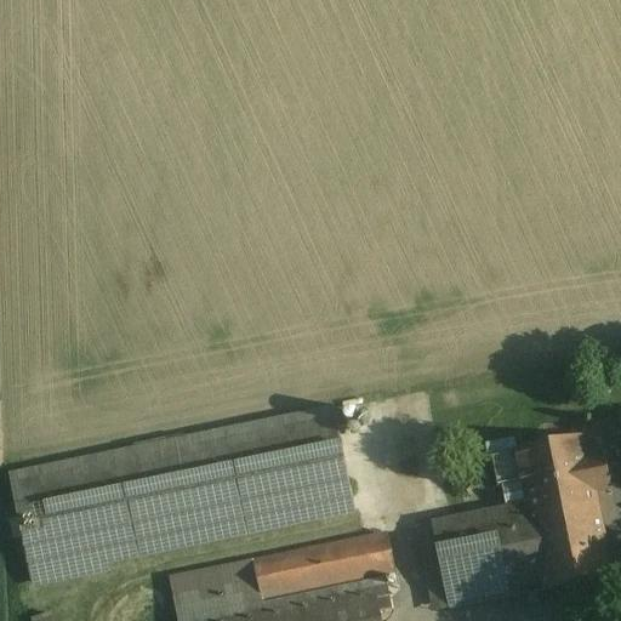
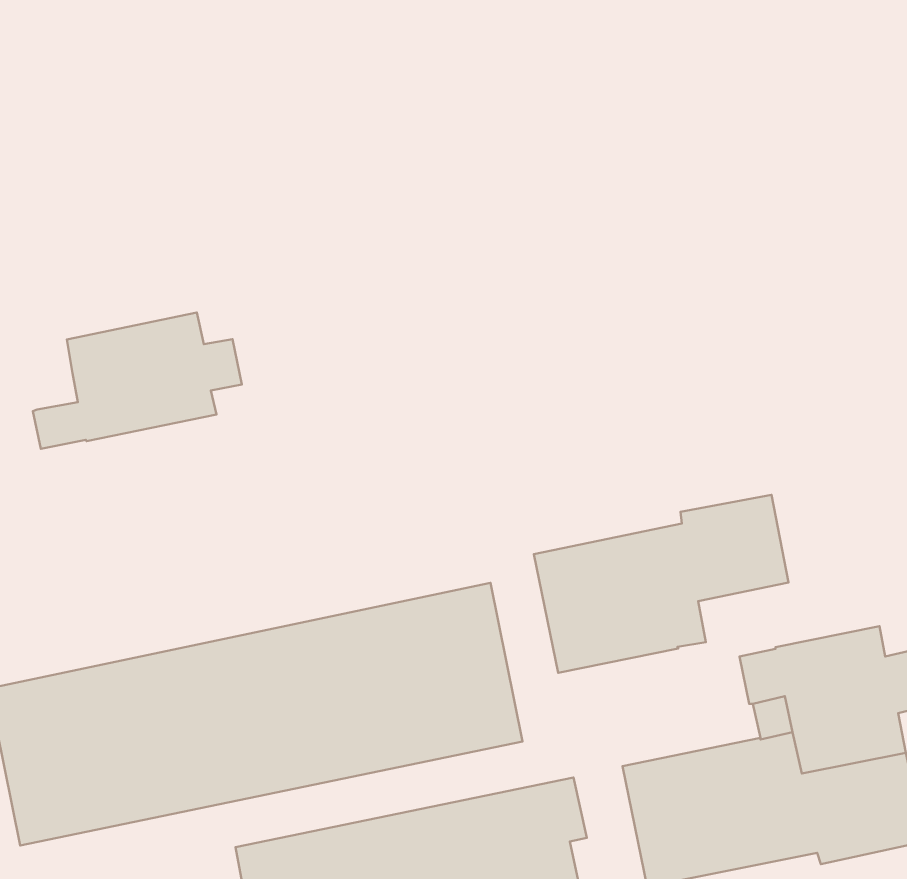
building: none -> [33,313,242,449]
building: none -> [534,495,789,673]

